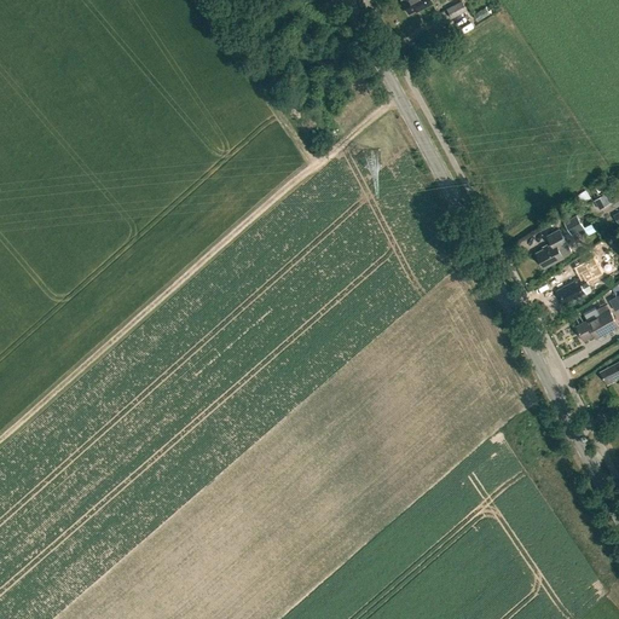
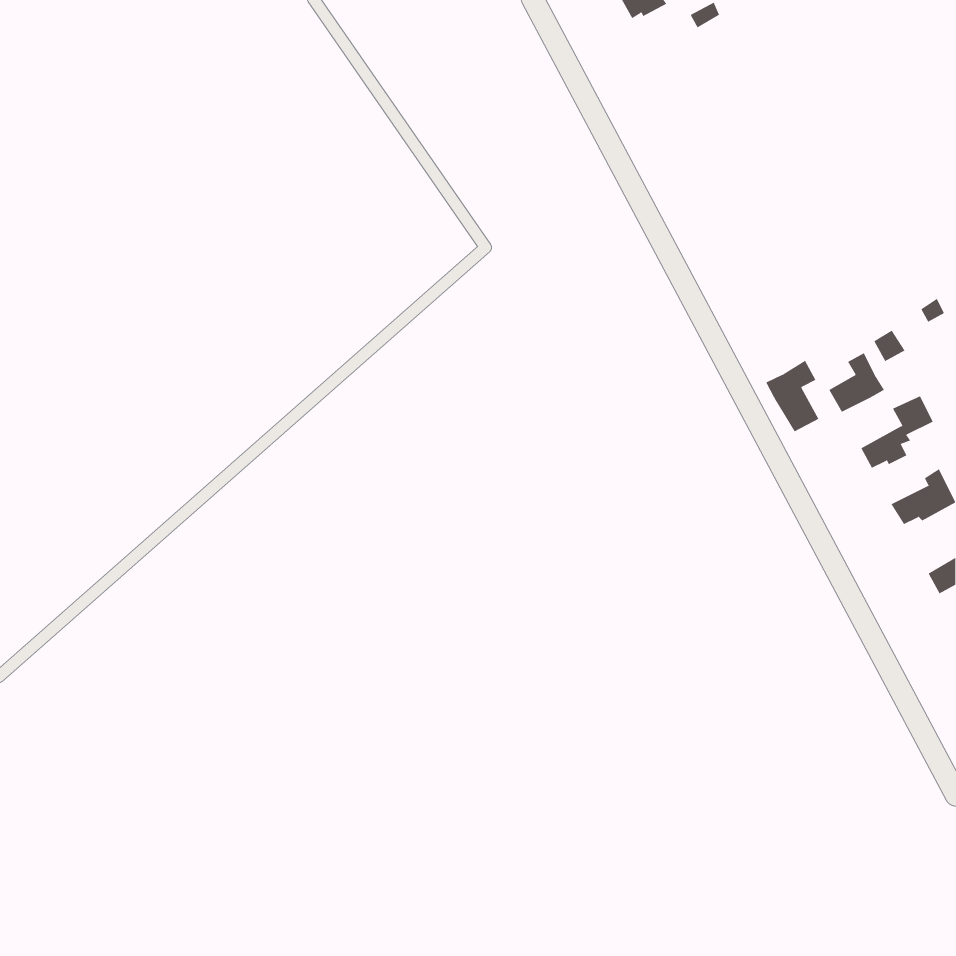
building: none -> [765,360,819,432]

